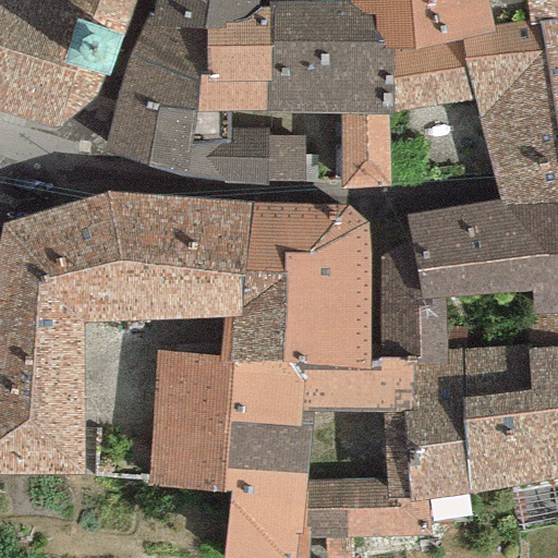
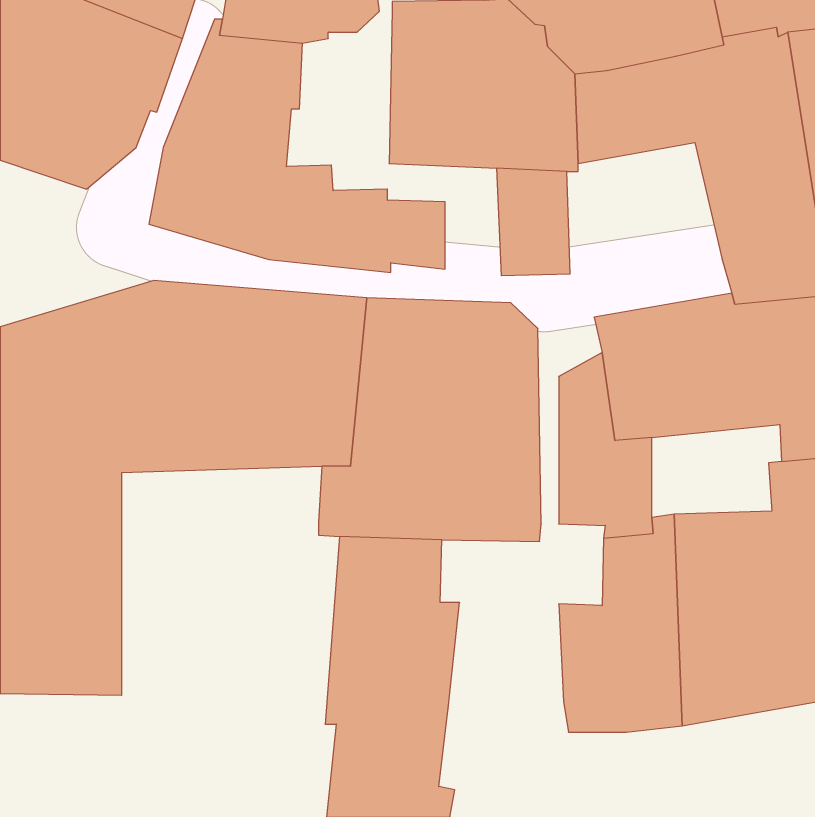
building: [197,8,269,113] -> none
building: [146,351,233,493] -> none
building: [302,356,414,412] -> none
building: [301,477,429,537] -> none

